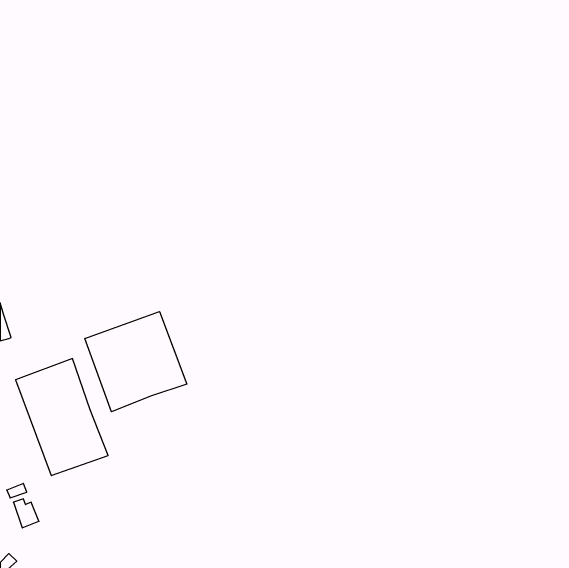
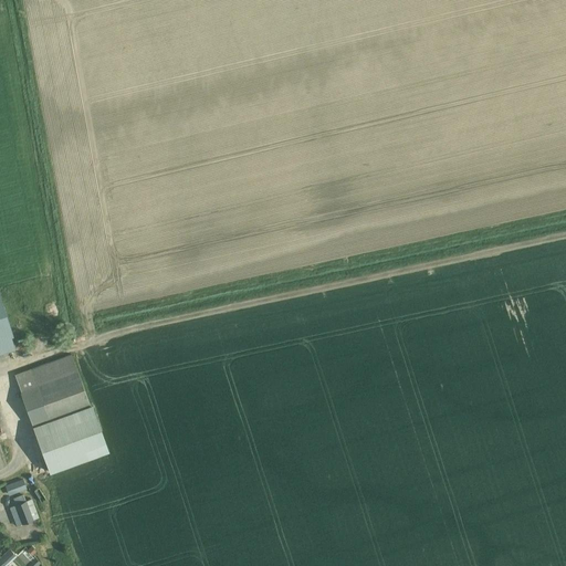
building: [85,312,187,412] -> none

